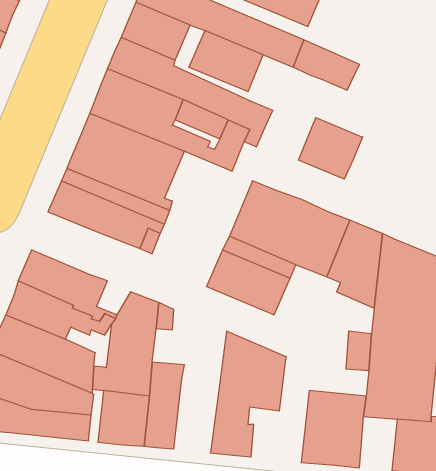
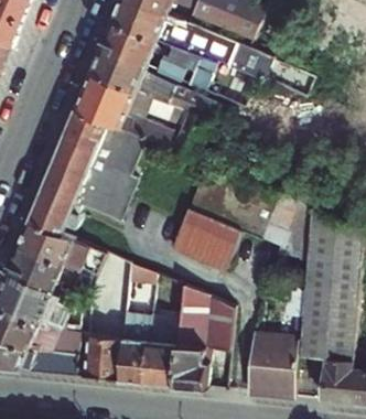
building: [299,118,363,179] -> none
building: none -> [26,190,80,240]
building: none -> [142,325,180,386]

